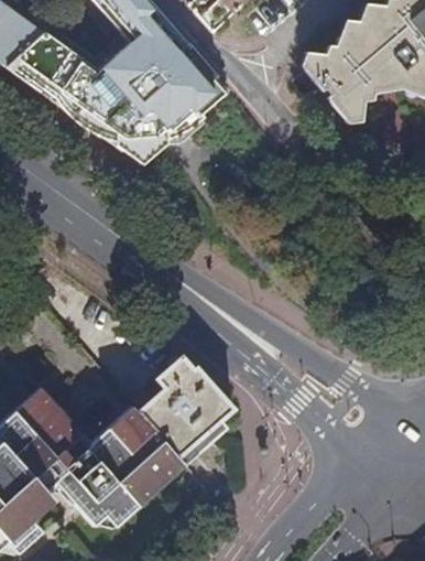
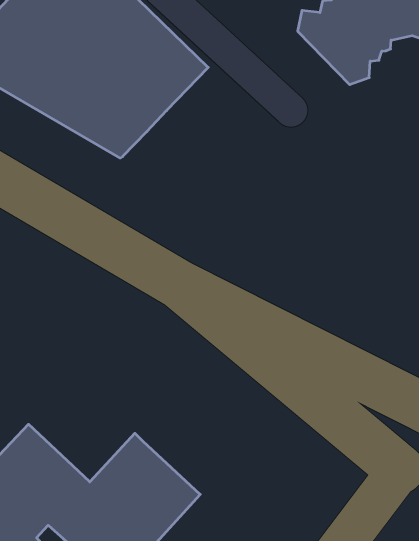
building: [139,359,232,466] -> none

